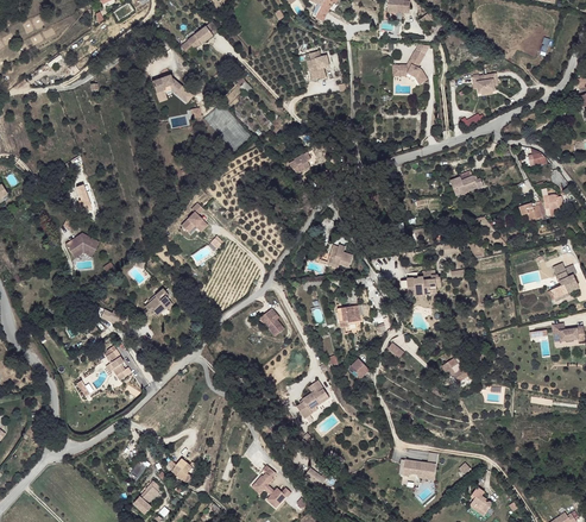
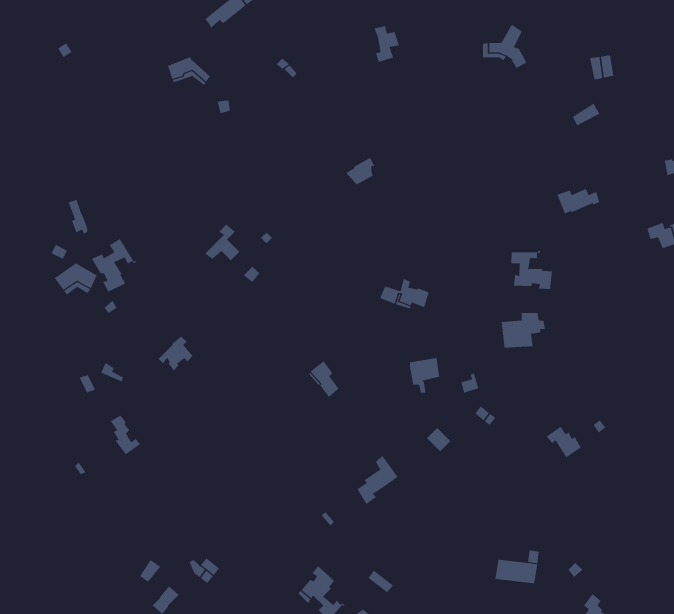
building: none -> [91,238,137,293]
building: none -> [511,250,552,290]

